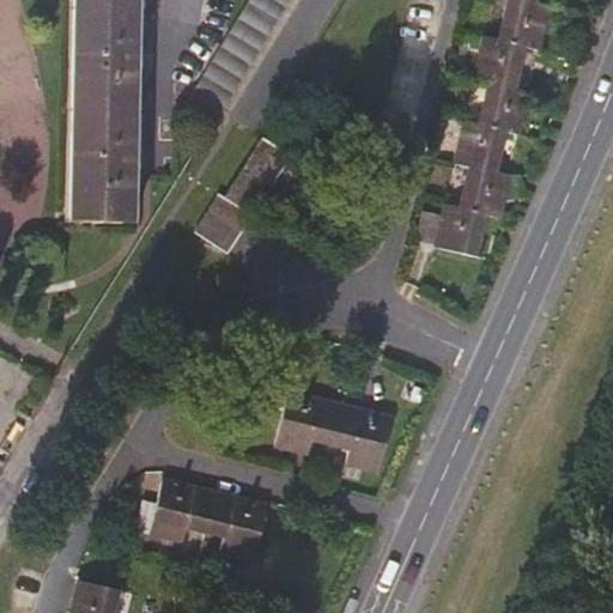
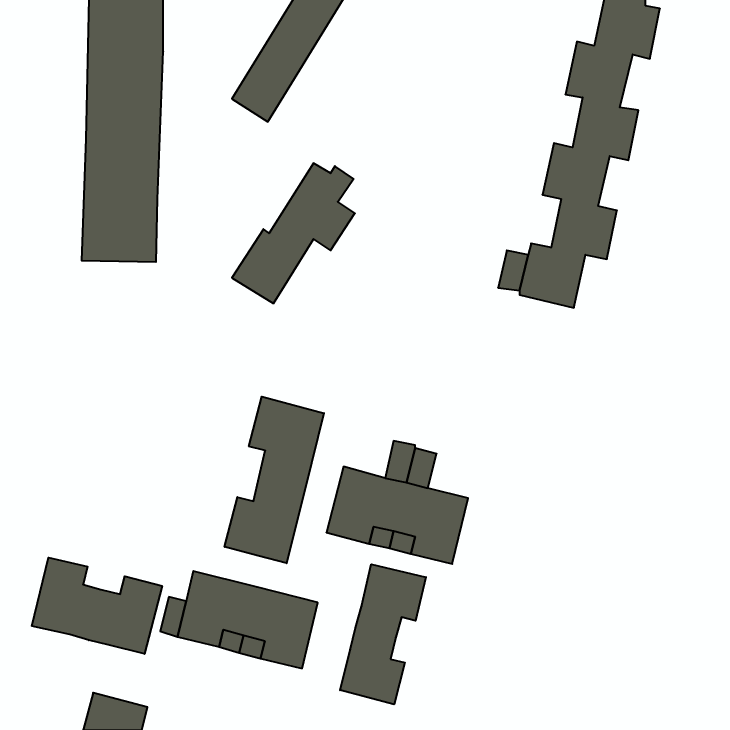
building: none -> [225,397,324,563]
building: none -> [32,558,162,654]
building: none -> [340,564,426,704]

